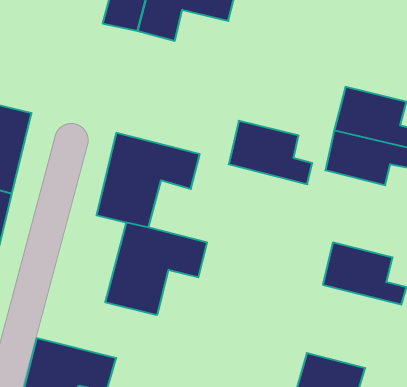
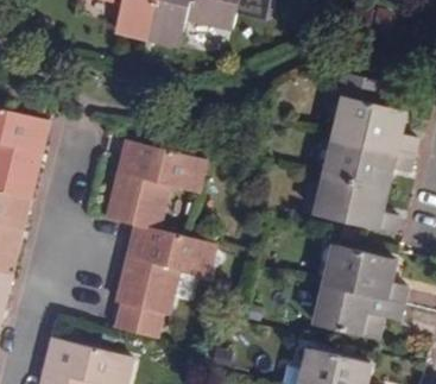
building: [229,121,312,184] -> [316,175,396,235]
building: none -> [314,284,398,339]
building: none -> [110,301,163,338]

